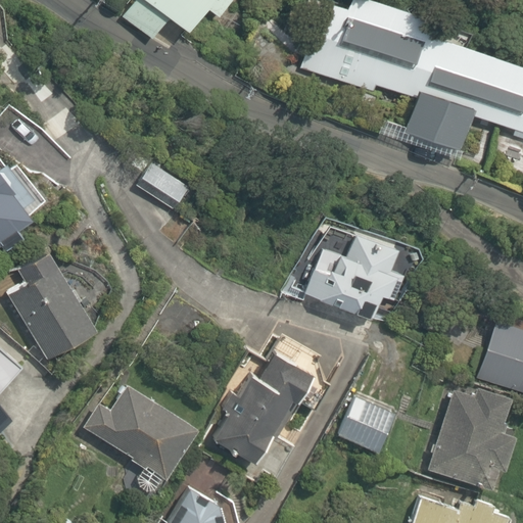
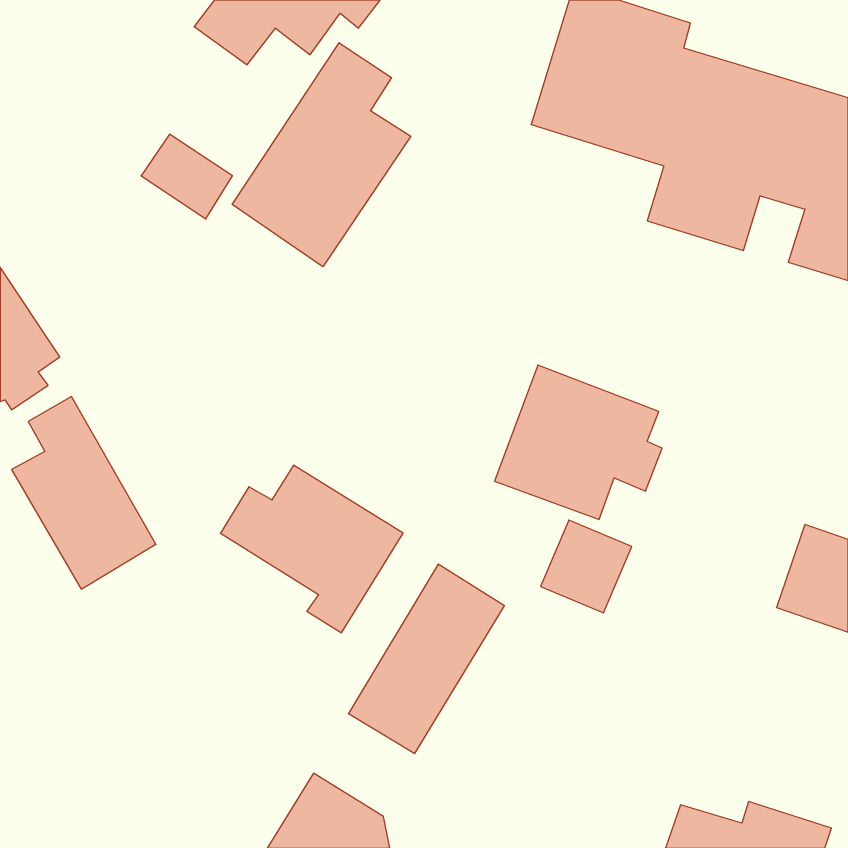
building: none -> [232,43,411,267]
building: [135,161,191,213] -> [141,134,232,219]
building: [84,388,196,491] -> [220,465,403,633]
building: [424,389,513,495] -> none
building: [341,393,397,450] -> [541,520,632,613]

